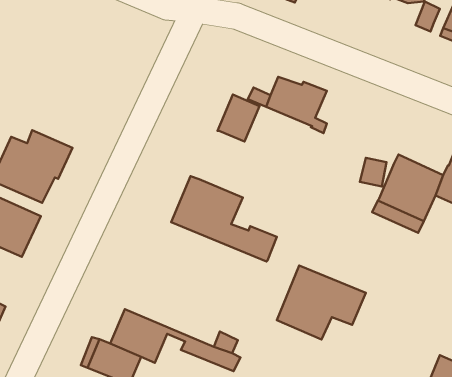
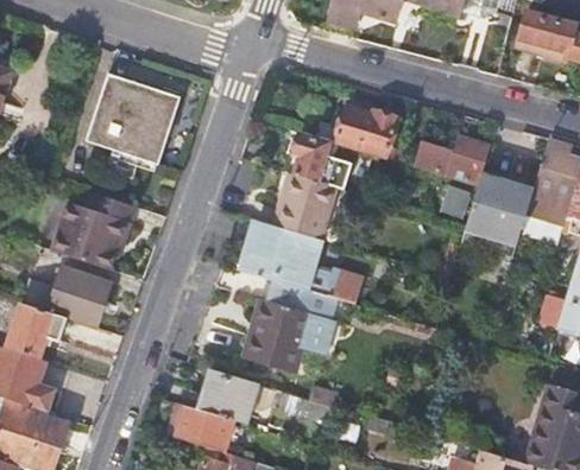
building: none -> [87,72,179,163]
building: none -> [411,135,492,185]
building: none -> [275,171,339,239]
building: [277,265,366,340] -> [241,297,333,373]

